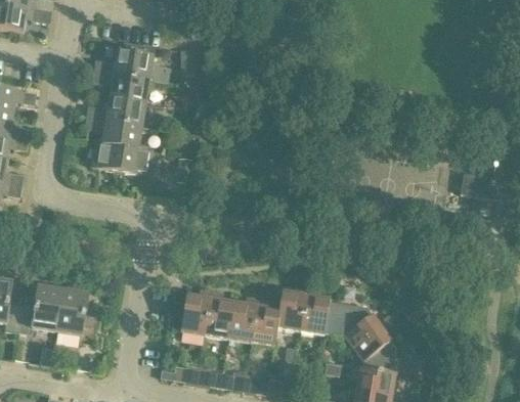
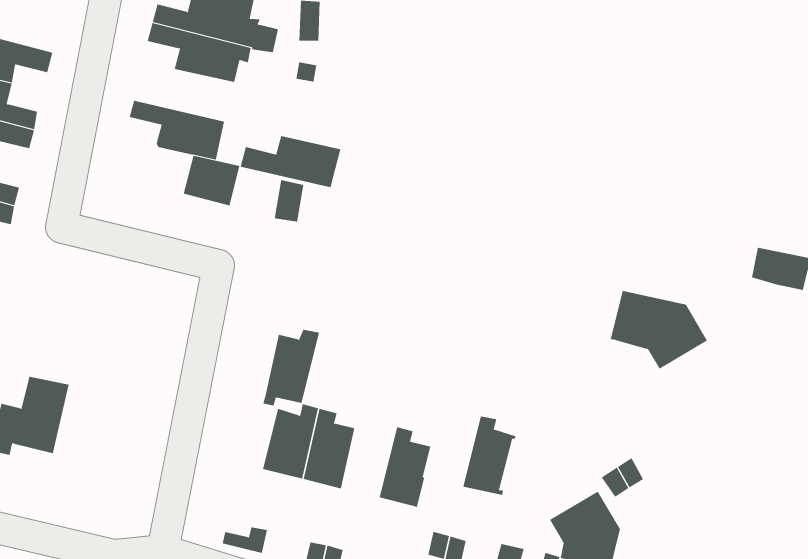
building: [86,96,145,125] -> [240,136,341,188]
building: [91,140,124,170] -> none
building: [276,285,307,330] -> none
building: [55,288,97,343] -> none
building: [227,297,258,344] -> [262,329,320,406]
building: [322,300,381,346] -> [610,289,708,369]

